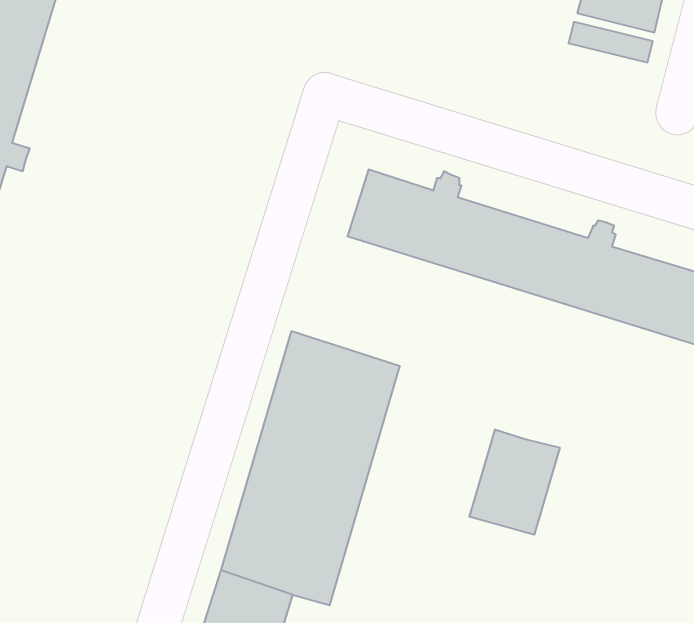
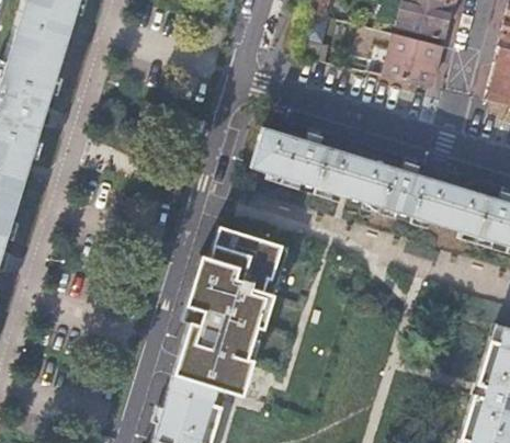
building: none -> [385,47,442,89]
building: [469,429,560,535] -> none

